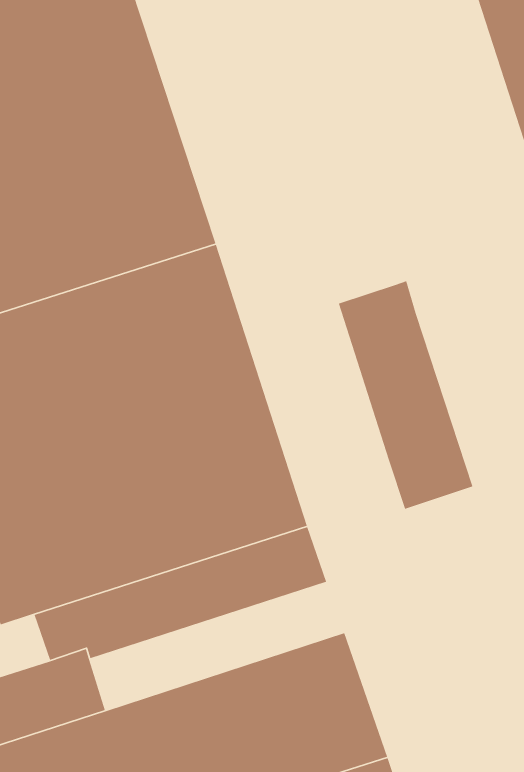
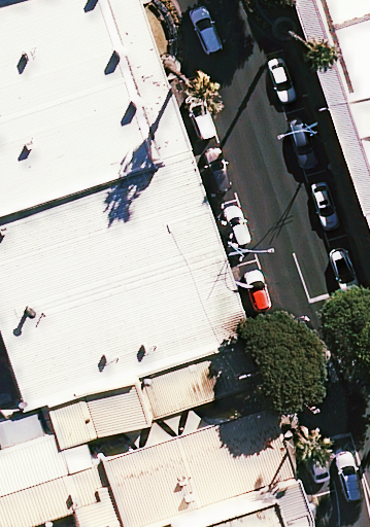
building: [338,280,473,510] -> none

